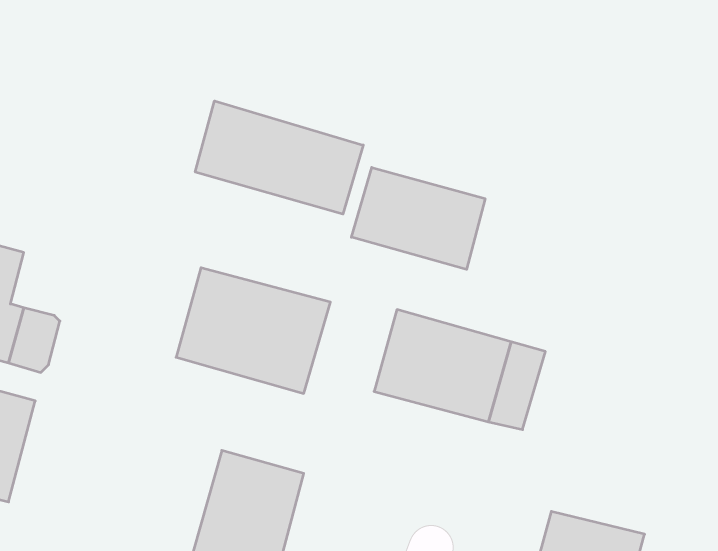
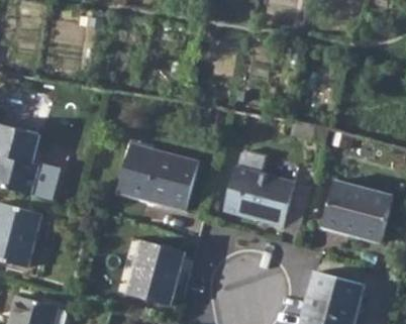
building: [195,101,363,214] -> none
building: [351,167,485,269] -> none
building: none -> [321,179,392,240]

